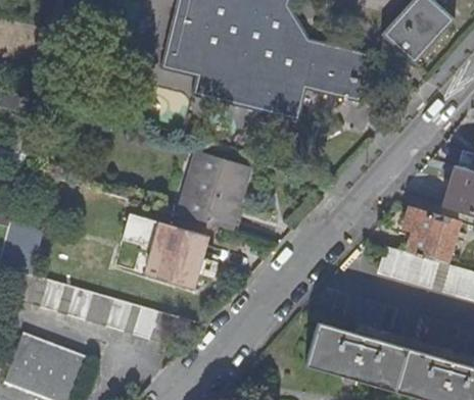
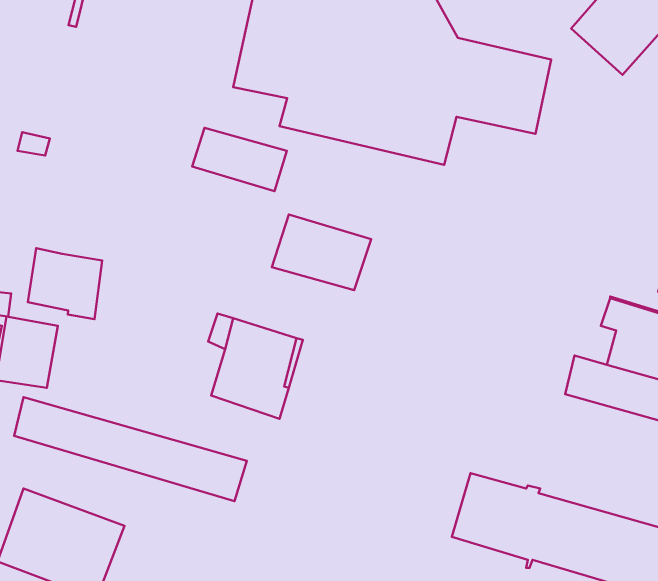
building: none -> [28,248,102,319]
building: [178,188,240,230] -> [192,128,287,191]

